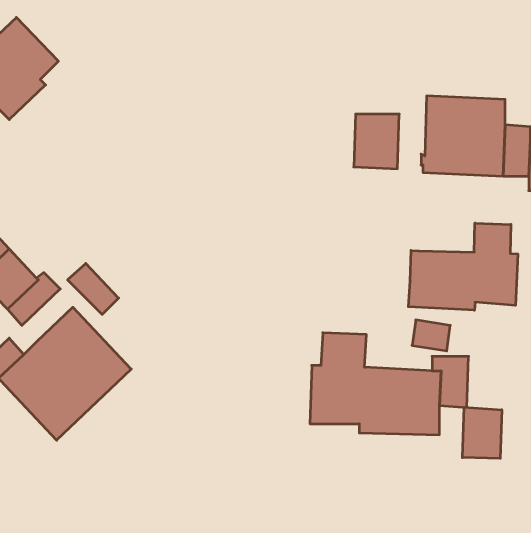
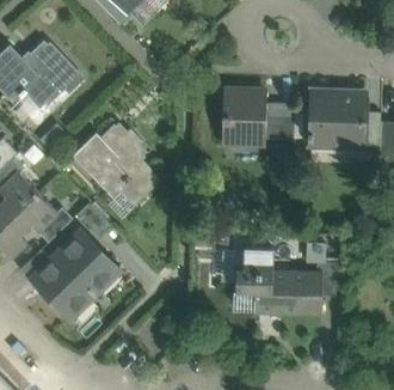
building: none -> [222,92,266,142]
building: none -> [73,124,158,197]
building: [408,223,518,310] -> none
building: [462,407,502,458] -> none

